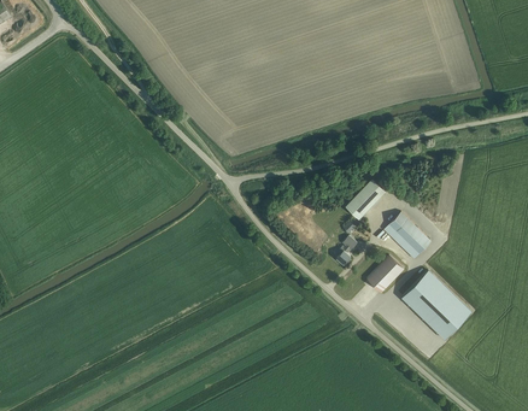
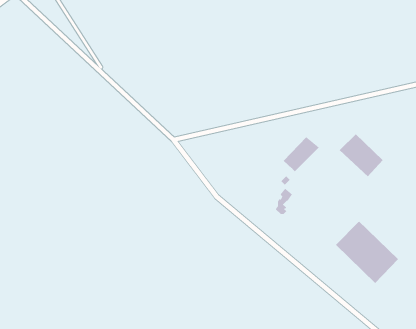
building: [382,212,430,259] -> [339,134,384,177]
building: [366,256,403,293] -> none

